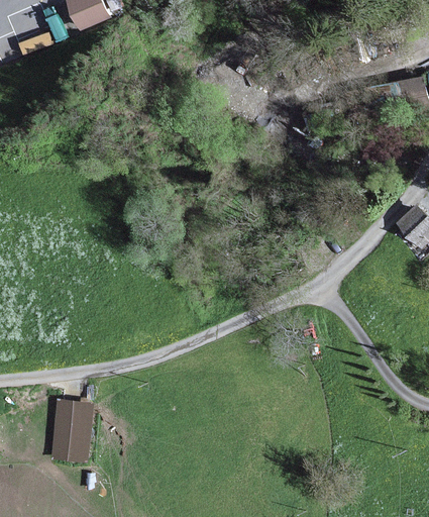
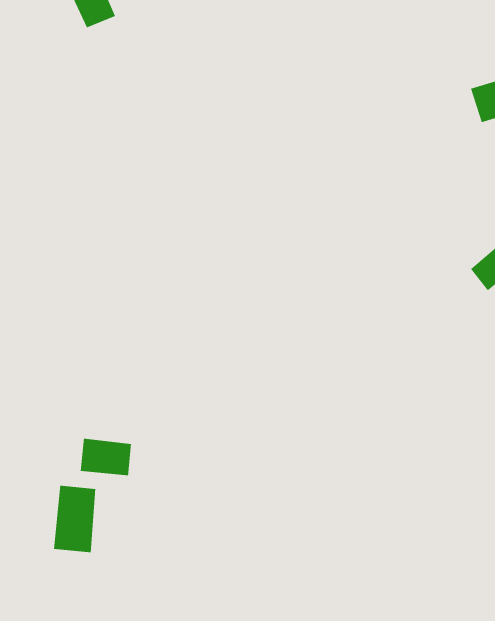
building: none -> [80,438,131,476]

